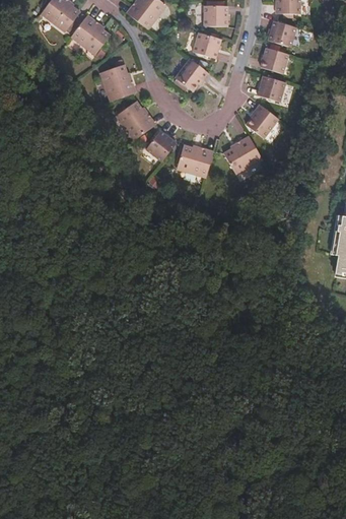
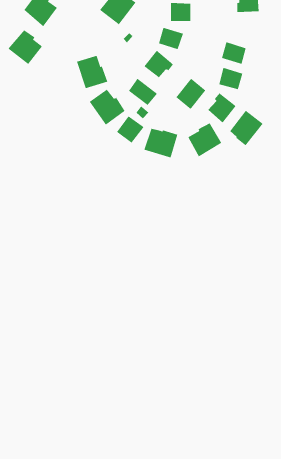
building: [70,16,110,56] -> [7,29,43,65]
building: [271,22,298,48] -> none
building: none -> [128,78,158,106]
building: none -> [176,78,206,110]
building: none -> [230,110,263,146]

